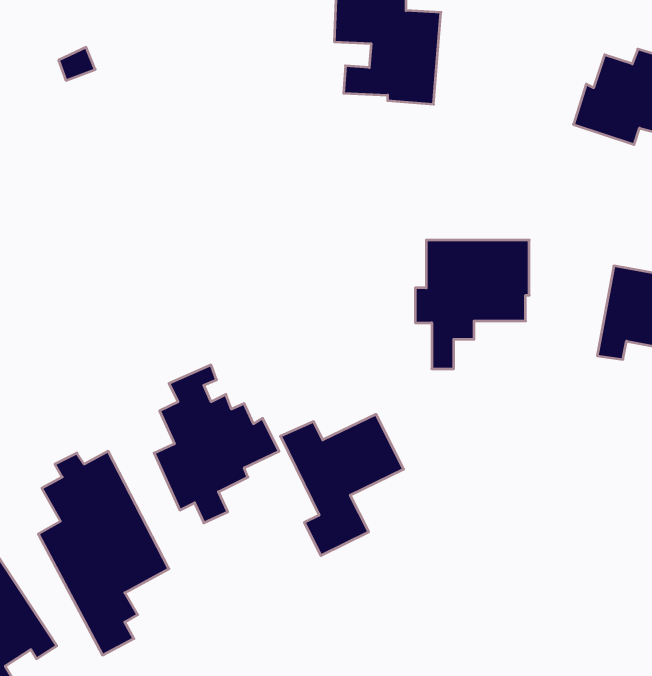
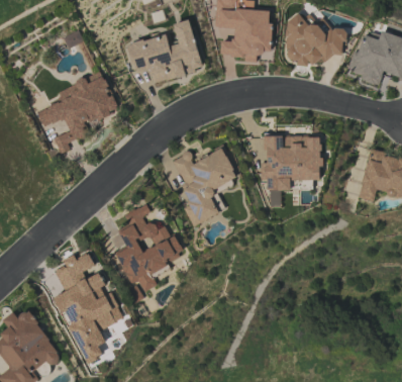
building: none -> [284,16,344,67]
building: none -> [127,19,203,83]
building: none -> [35,72,118,154]
building: [280,414,404,556] -> [170,149,237,226]

